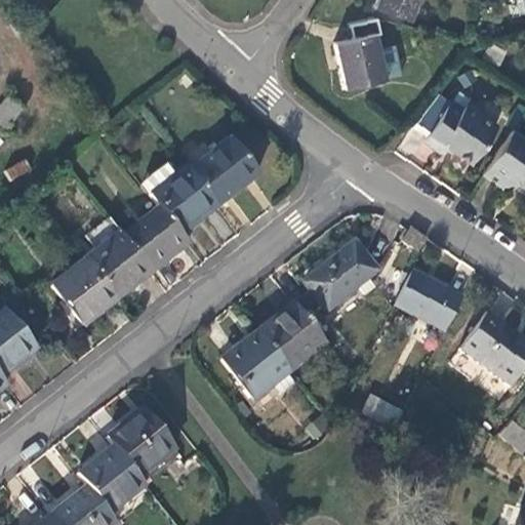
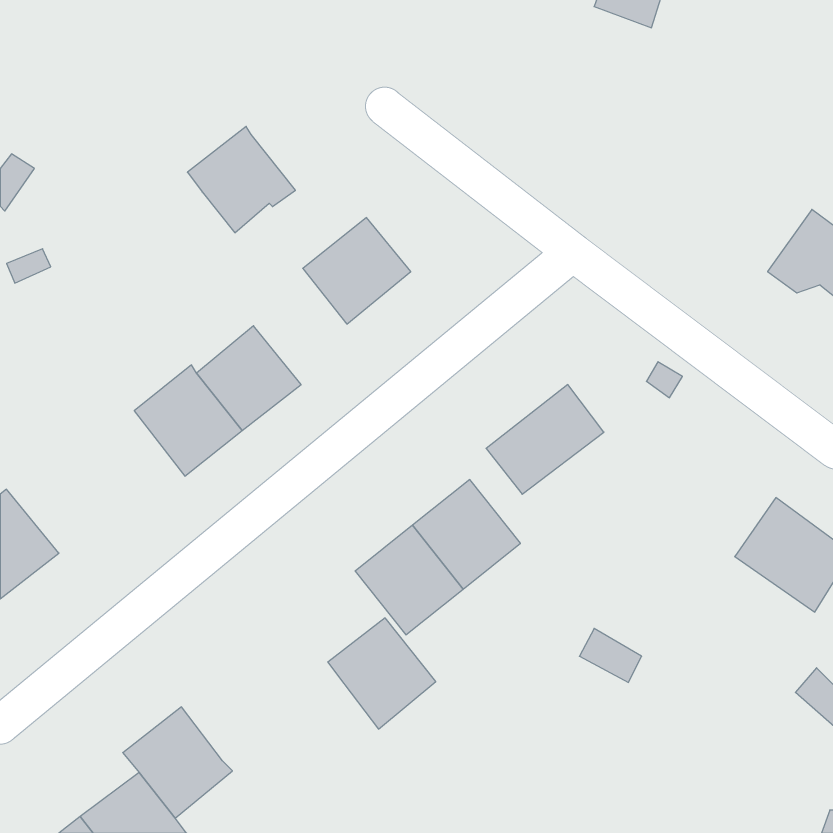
building: [336,16,386,84] -> none
building: [427,97,498,161] -> none
building: [152,163,219,230] -> [187,126,295,233]
building: [54,257,118,322] -> none
building: [398,269,463,328] -> none
building: [110,407,177,477] -> [328,618,436,729]

